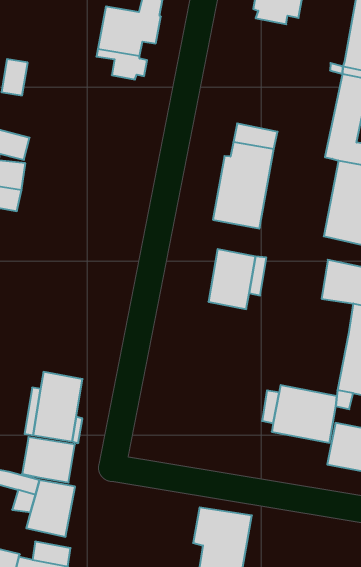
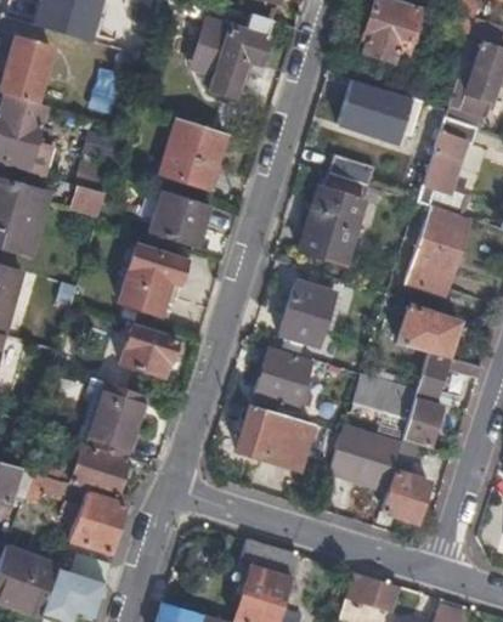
building: none -> [339,80,422,142]
building: none -> [160,119,226,190]
building: none -> [151,192,209,245]
building: none -> [119,247,191,316]
building: none -> [123,327,177,378]
building: none -> [254,347,313,409]
building: none -> [355,378,392,413]
building: none -> [237,405,312,470]
building: none -> [347,573,403,612]

